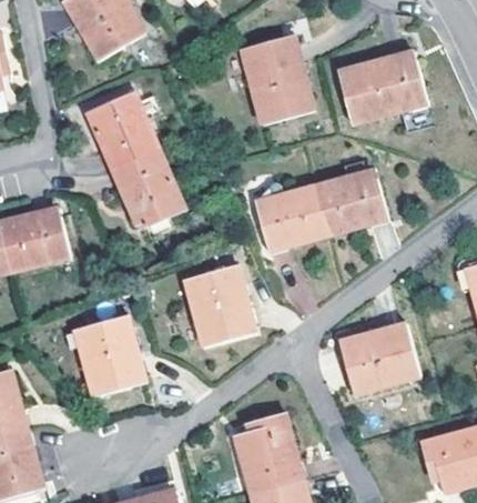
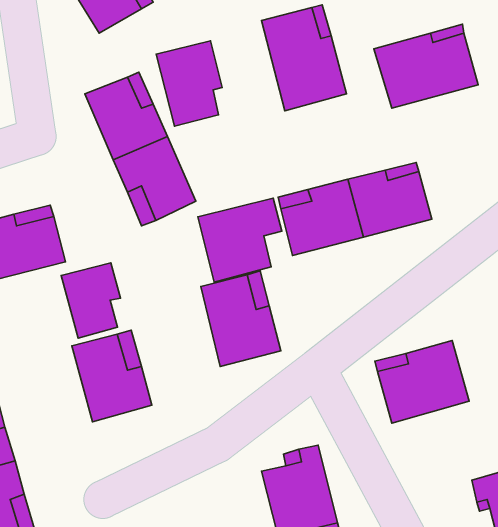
building: none -> [156,41,222,126]
building: none -> [198,198,282,282]
building: none -> [61,263,120,338]

